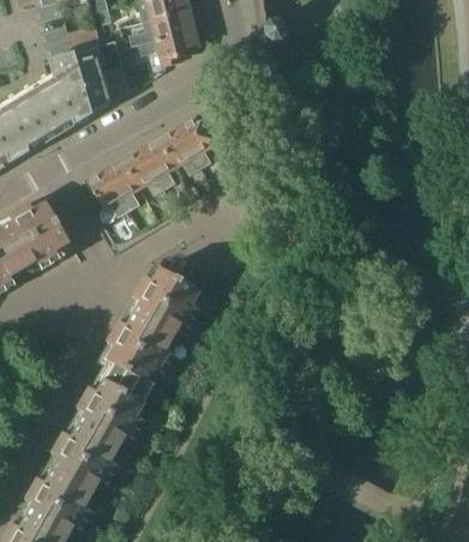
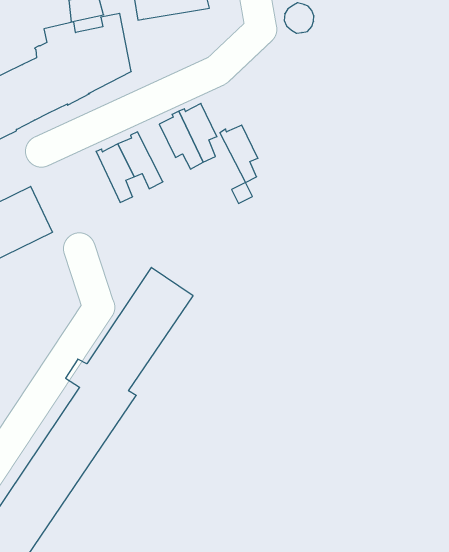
building: [137,30,200,67] -> none
building: [139,138,175,189] -> [220,125,258,183]
building: [82,167,128,218] -> none

